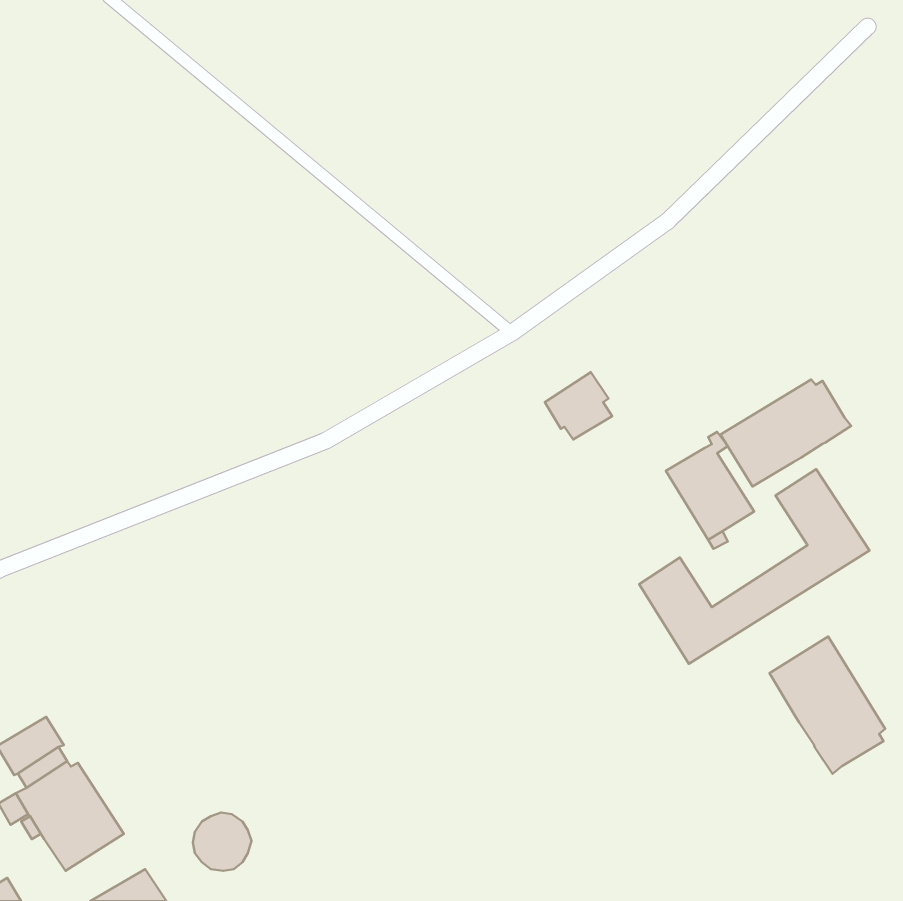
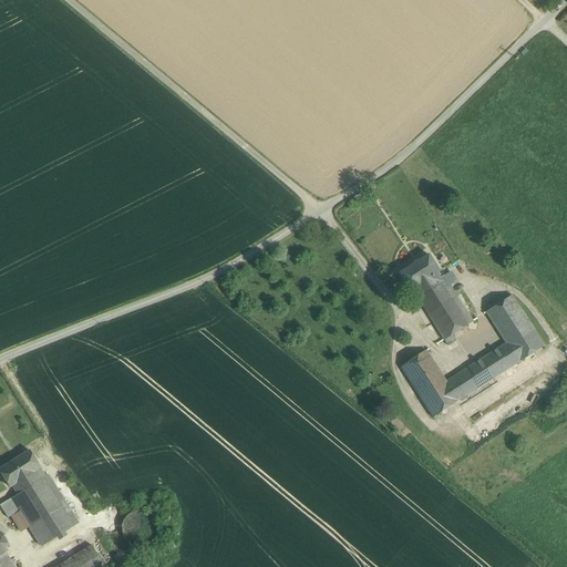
building: [545,372,612,439] -> [399,252,441,295]
building: [721,380,851,486] -> none
building: [769,636,885,774] -> none

